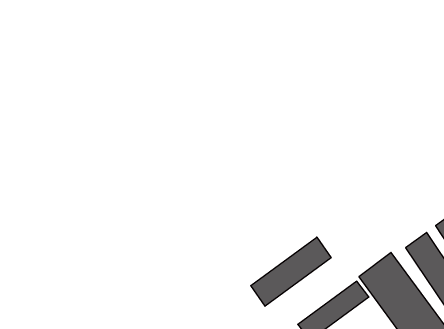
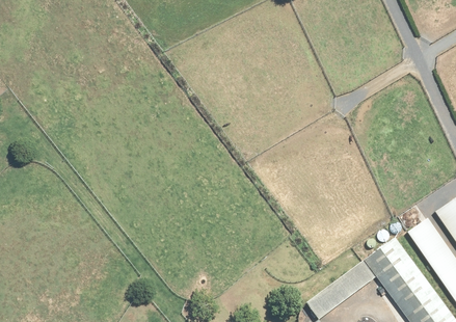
building: [251,237,331,306] -> none

